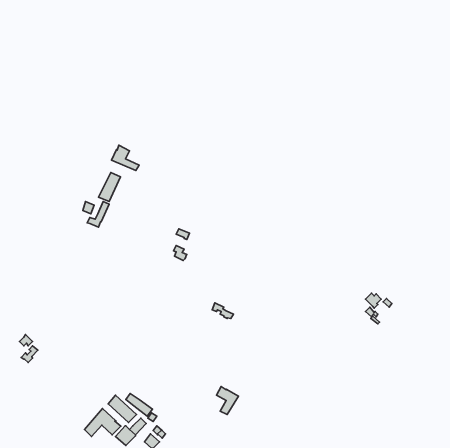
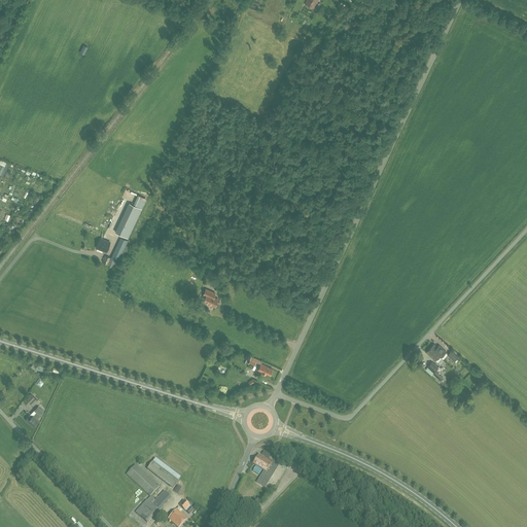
building: [112,145,139,171] -> none
building: [85,409,121,437] -> none

